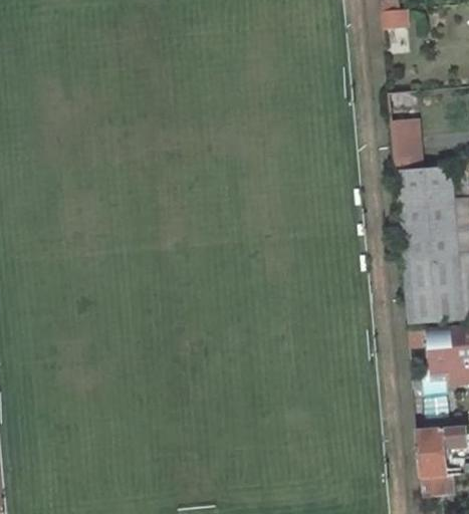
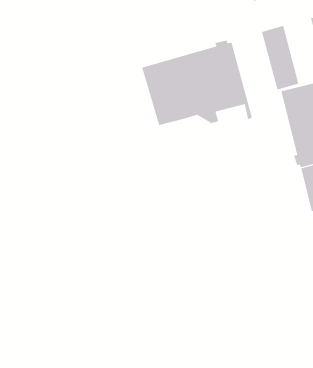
building: none -> [142,40,252,126]

